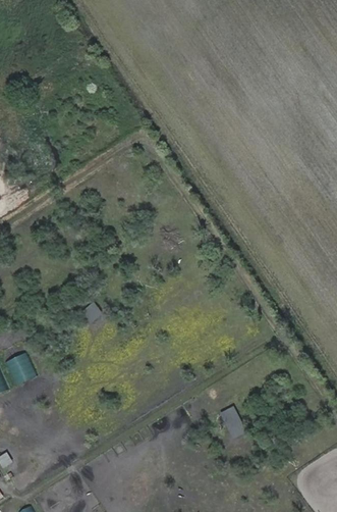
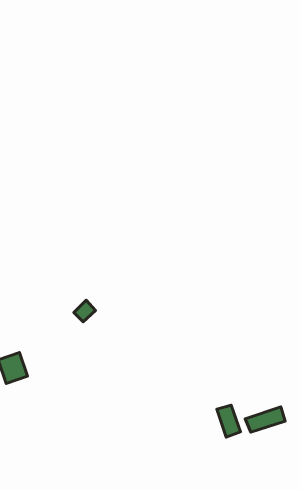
building: none -> [245,407,285,432]

